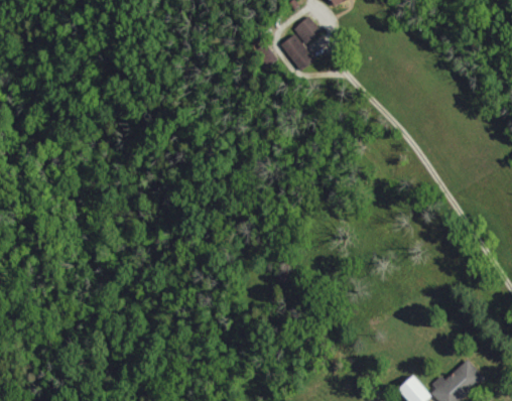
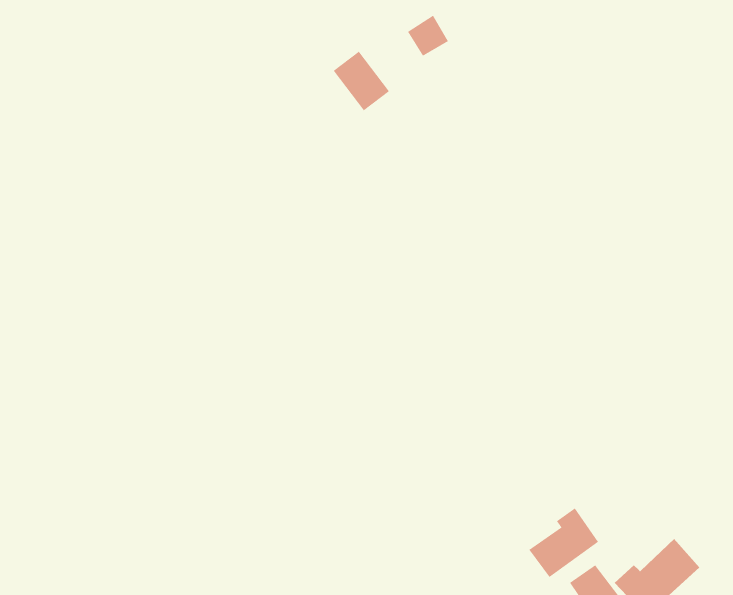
building: [277,34,314,74] -> [333,51,390,111]
building: none -> [528,508,599,578]

